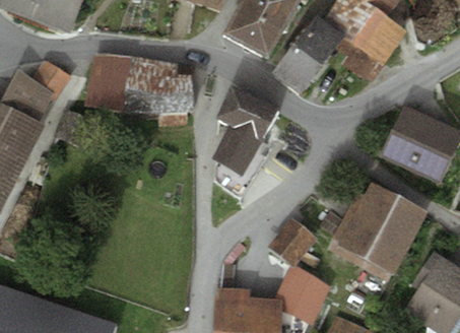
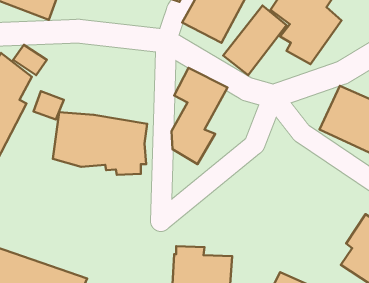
building: [86,54,194,125] -> [53,112,147,175]
building: [317,183,428,282] -> none
building: [268,219,315,266] -> none
building: [298,276,331,322] -> none

